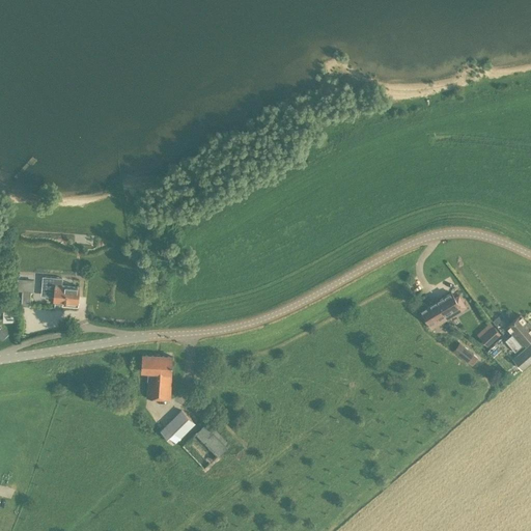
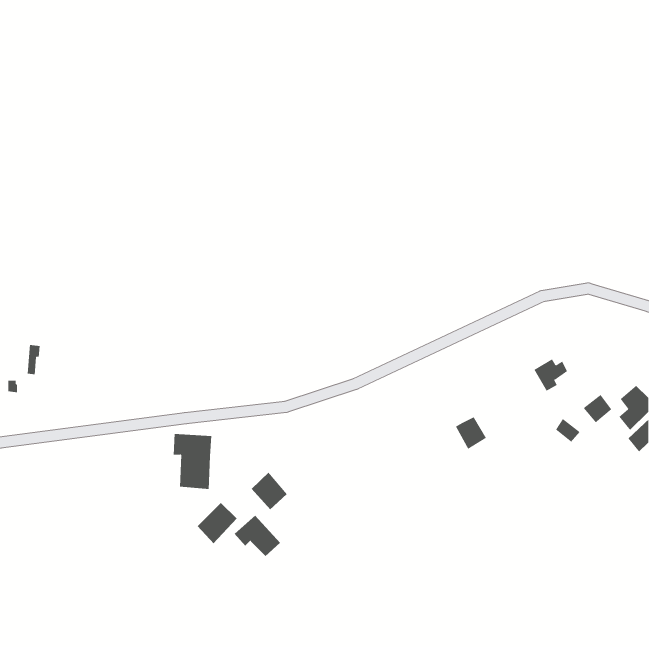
building: [41,278,80,305] -> none
building: [420,304,446,331] -> [455,416,487,449]
building: none -> [251,472,288,510]

